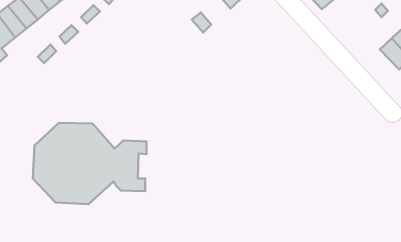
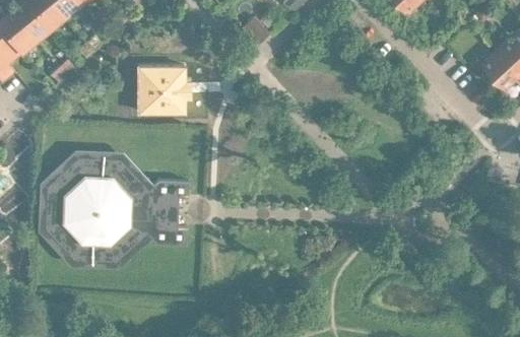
building: none -> [137,66,184,113]

